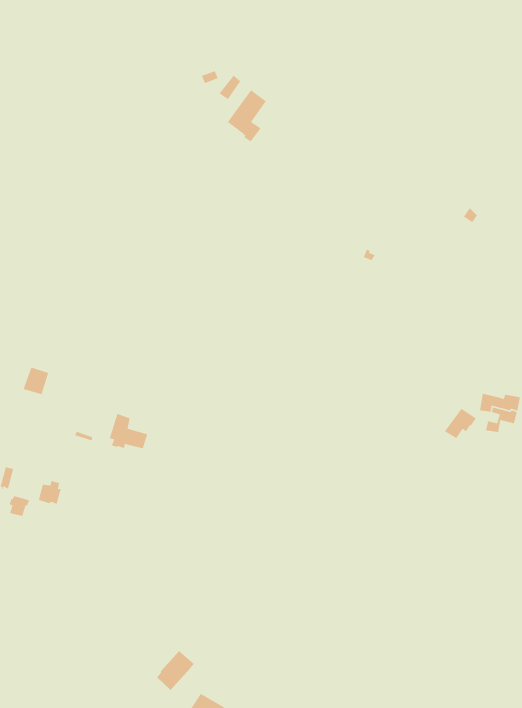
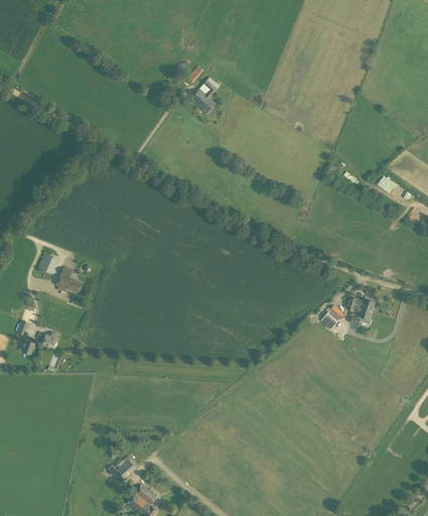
building: [109,413,148,449] -> [55,267,83,293]

